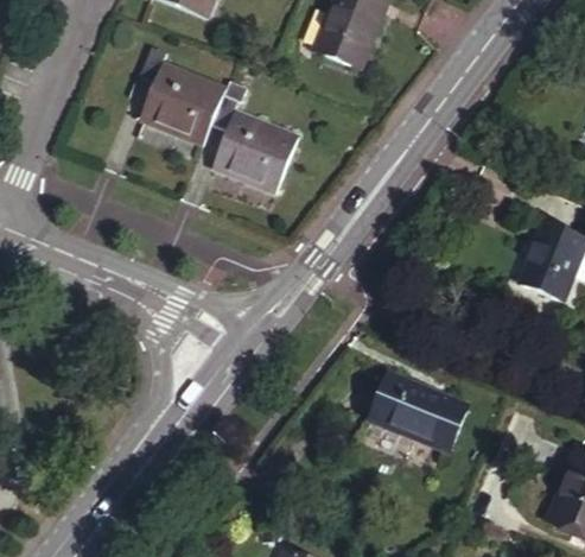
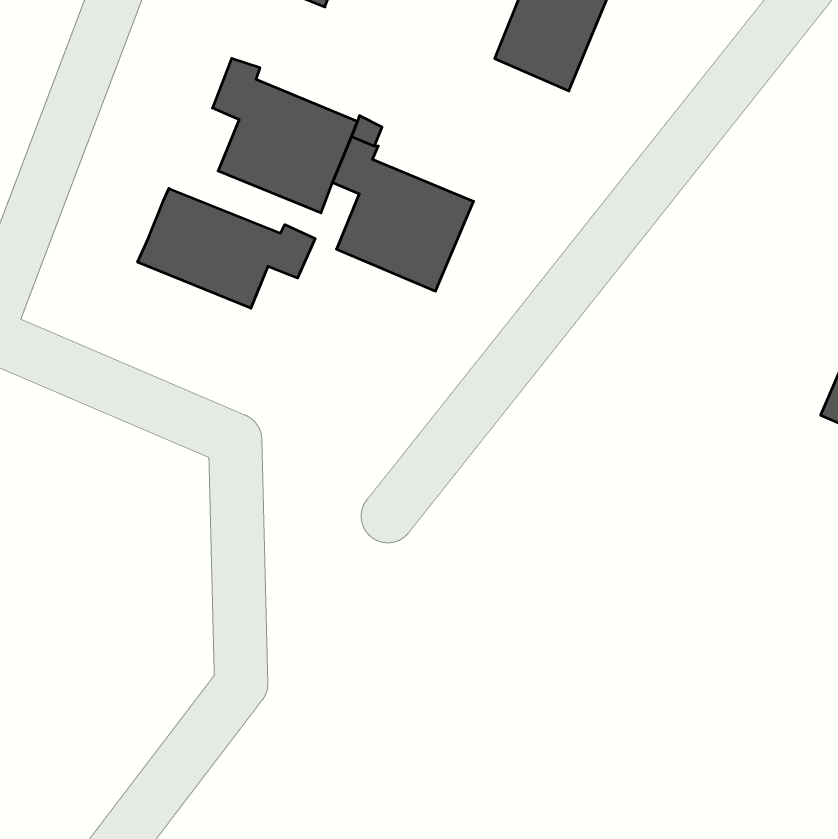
building: none -> [138,188,315,308]
building: [371,371,472,450] -> none

